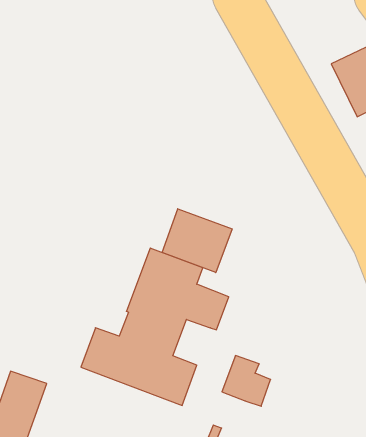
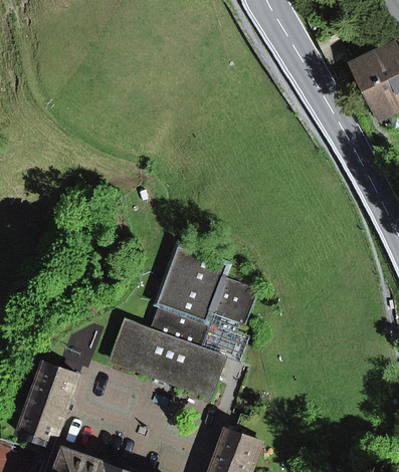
building: [162,209,232,273] -> none
building: [222,356,271,406] -> [200,314,247,364]

